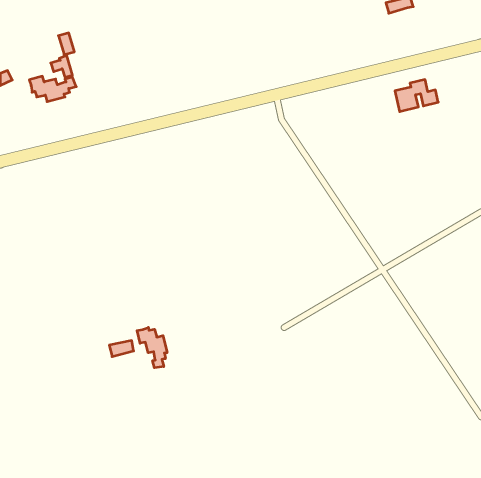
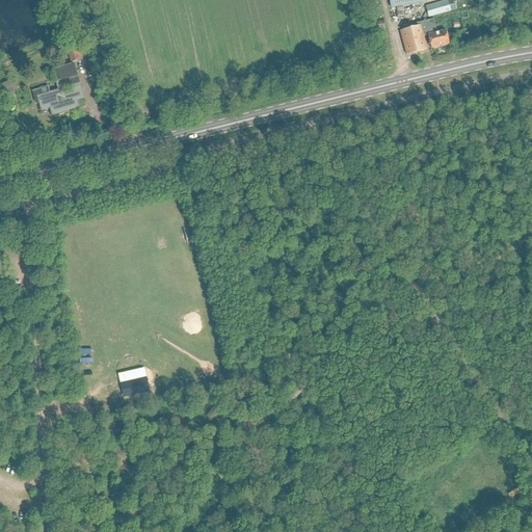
building: [395,80,438,112] -> [400,17,448,52]
building: [137,327,167,368] -> none

